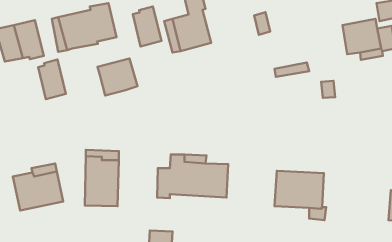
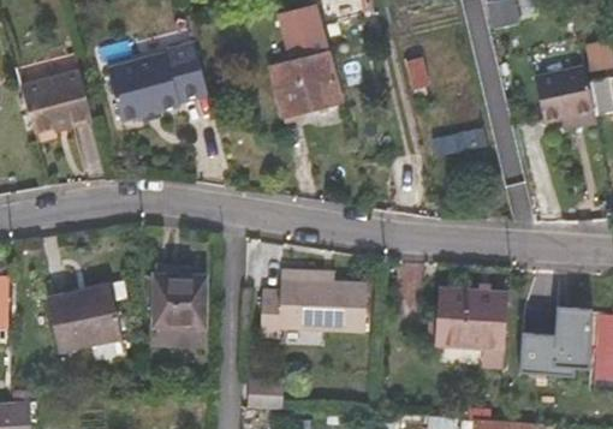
building: [133,7,162,47] -> none
building: [97,58,138,96] -> none
building: [38,60,66,99] -> none
building: none -> [519,308,593,373]

